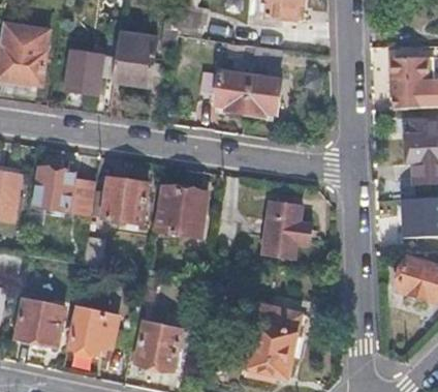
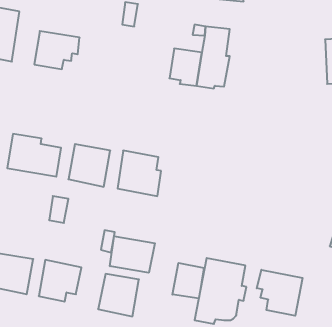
building: [113,30,157,86] -> none
building: [260,202,313,257] -> none
building: none -> [110,236,155,273]
building: none -> [172,263,204,298]
building: none -> [257,270,303,316]

